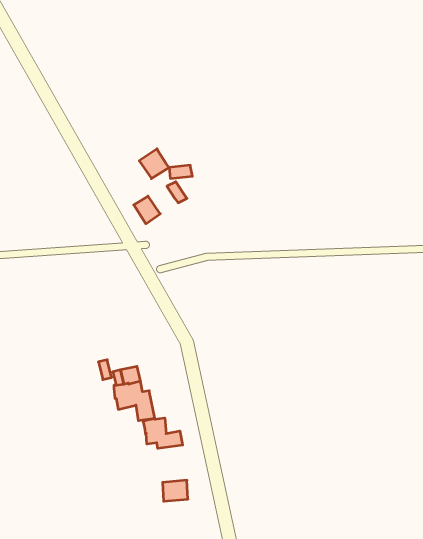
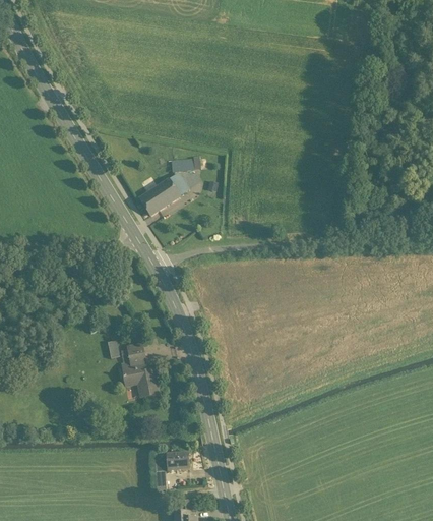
building: [139,149,169,179] -> [152,178,180,206]
building: [143,418,183,448] -> none

